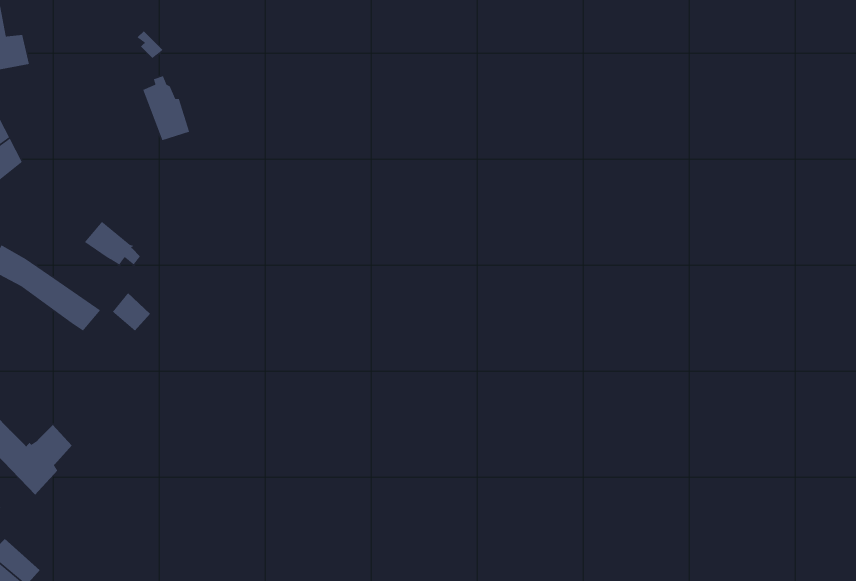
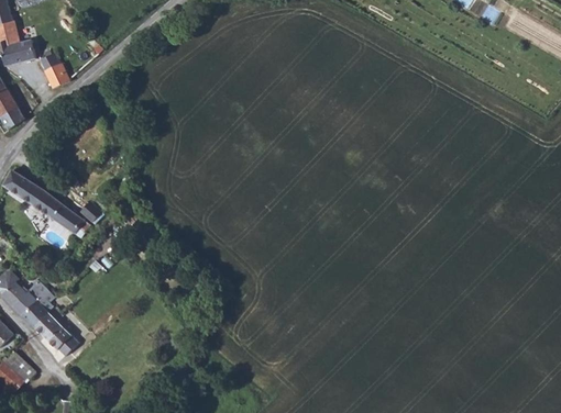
building: [142,75,190,141] -> [40,48,69,89]
building: [84,221,141,265] -> [59,210,95,237]
building: none -> [30,309,73,347]

